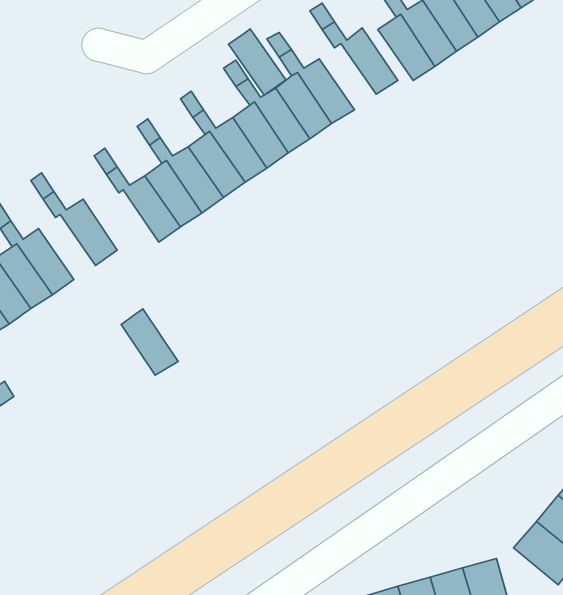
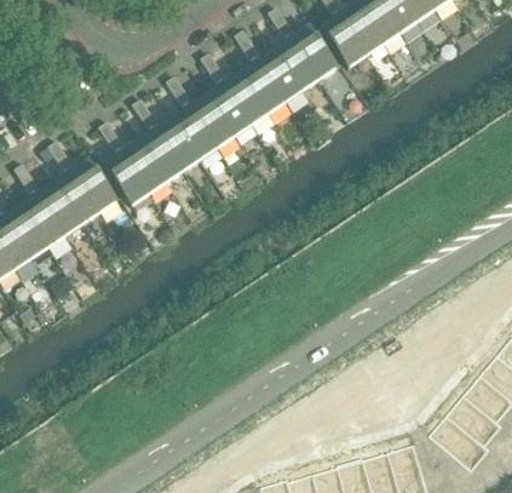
building: [229,29,286,95] -> [276,41,321,93]
building: none -> [56,176,100,227]
building: [121,309,178,375] -> [105,156,150,208]

